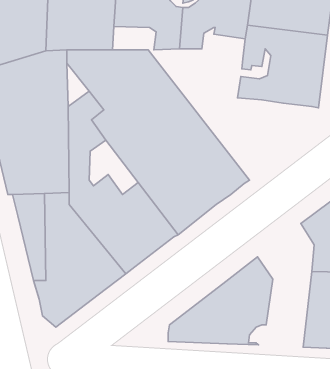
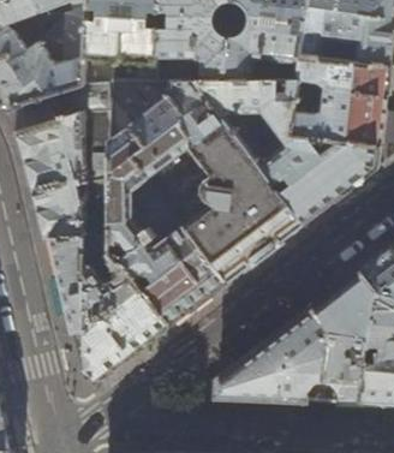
building: none -> [192,82,376,223]
building: none -> [310,270,371,404]

